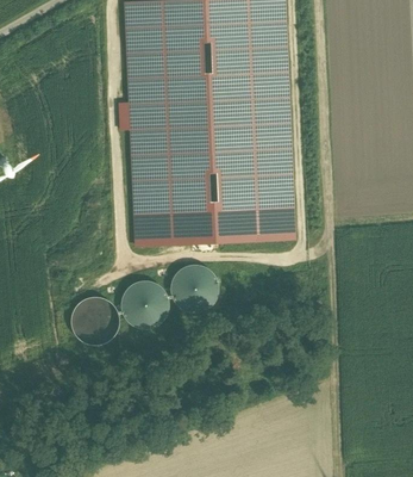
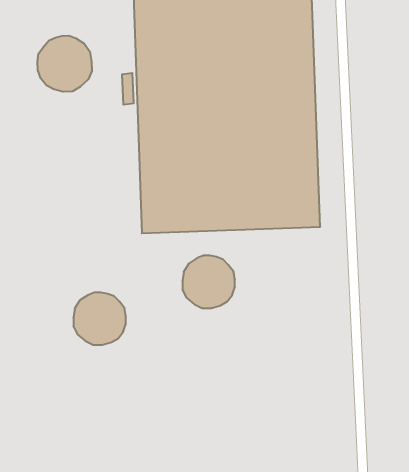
building: none -> [38,36,92,92]
building: [120,281,168,329] -> none

